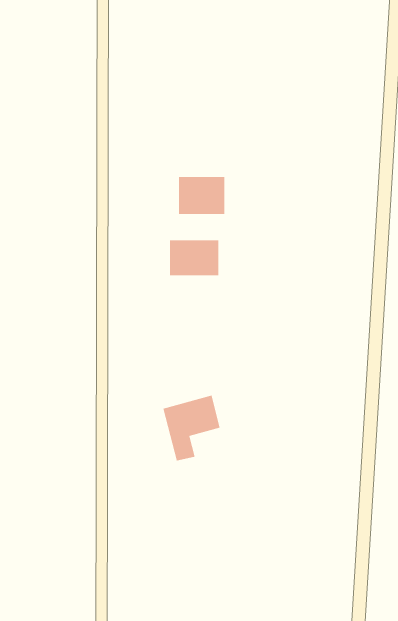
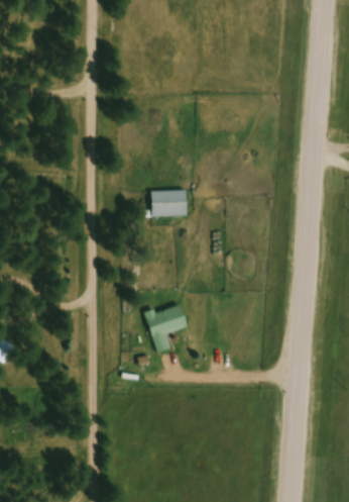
building: [178,176,225,215] -> none

